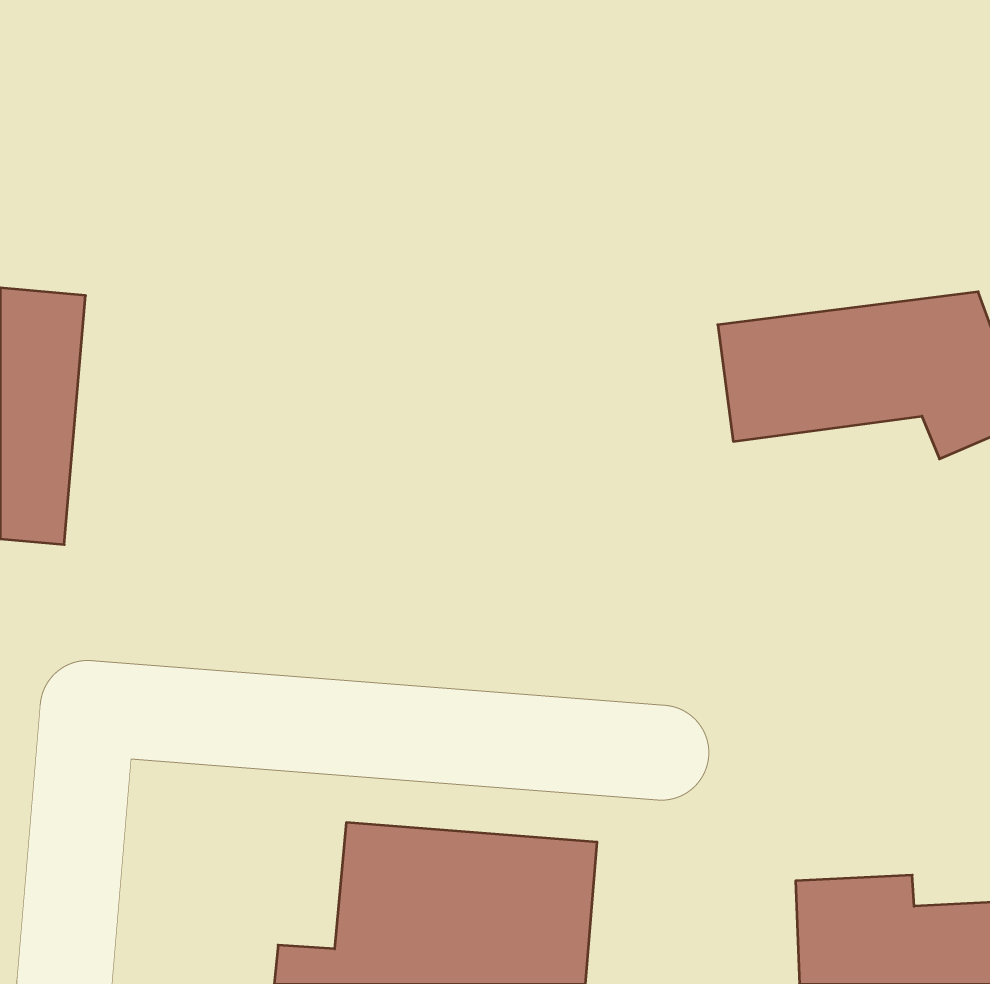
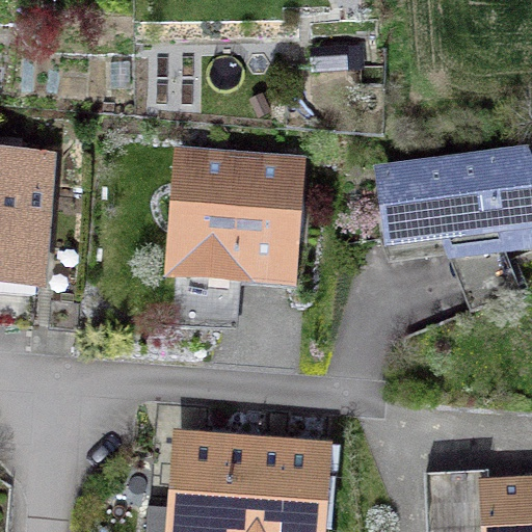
building: none -> [178,157,295,269]

